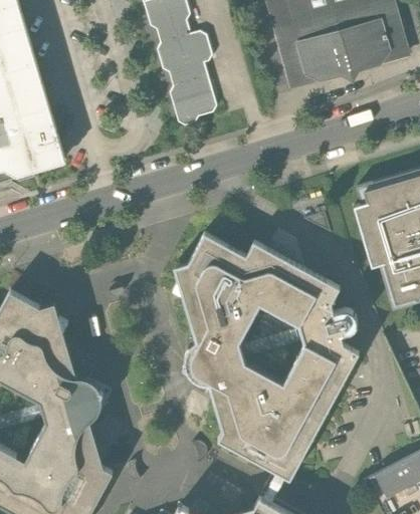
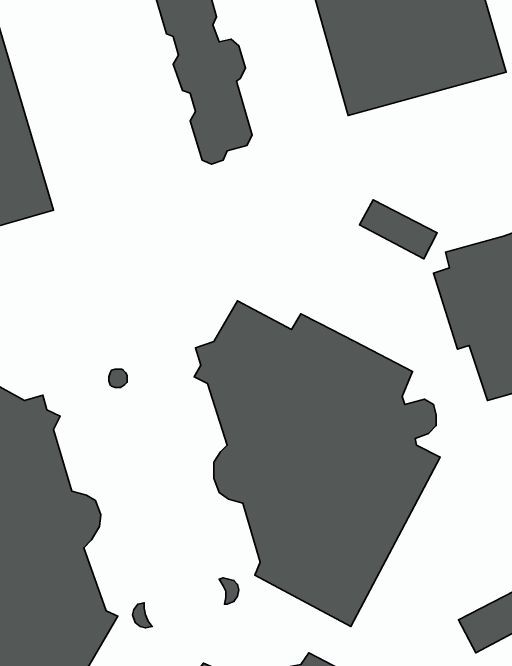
building: none -> [360,200,437,259]

